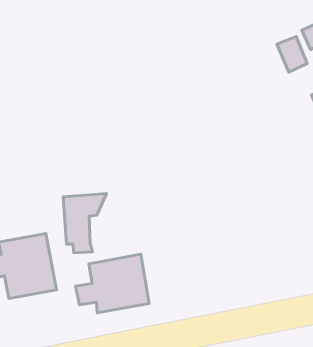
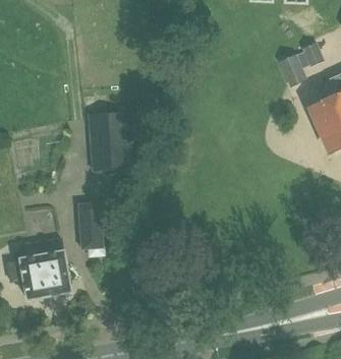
building: none -> [89,112,130,170]
building: [75,254,149,313] -> none

